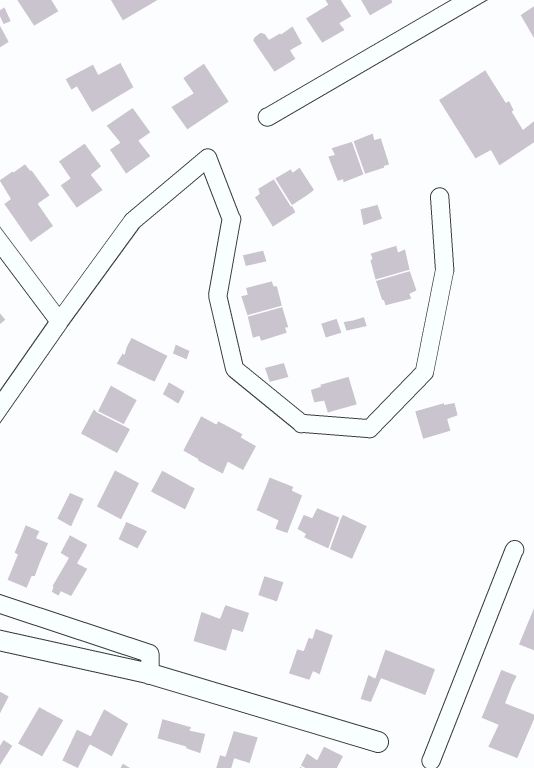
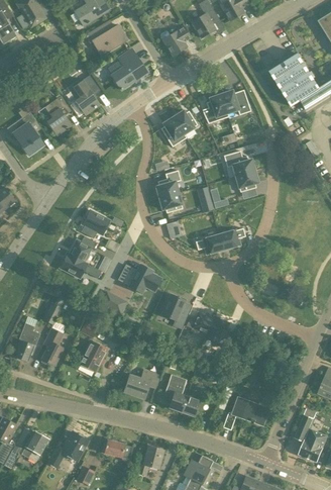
building: [65,62,134,113] -> [85,24,126,55]
building: [414,402,458,440] -> [217,229,243,252]
building: [96,469,140,520] -> [80,341,106,372]
building: none -> [165,374,186,411]

